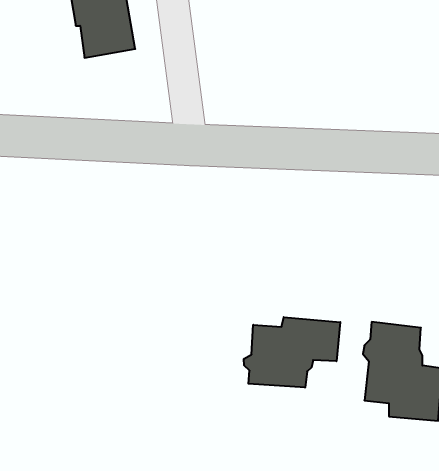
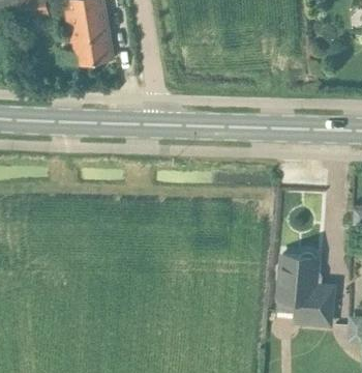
building: [244,317,340,388] -> none

